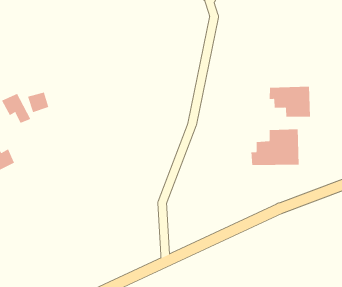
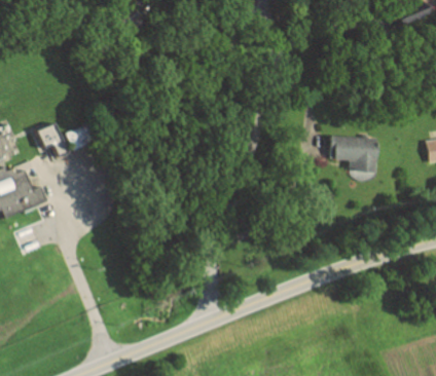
building: [251,128,299,166] -> none

